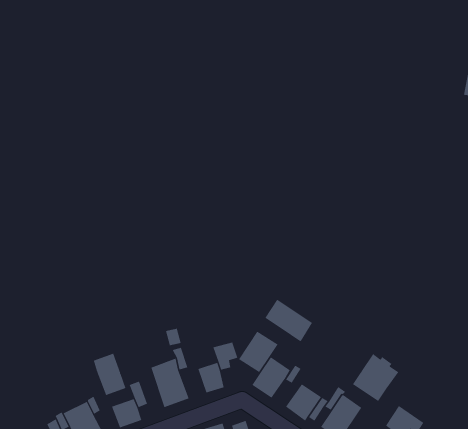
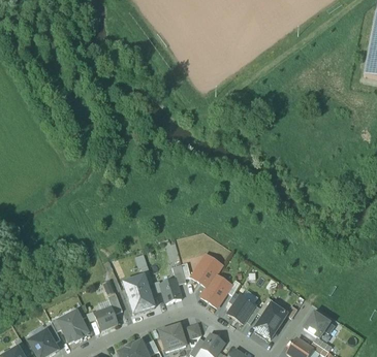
building: [264,299,313,342] -> none
building: [93,353,126,396] -> none
building: [352,353,399,402] -> none

